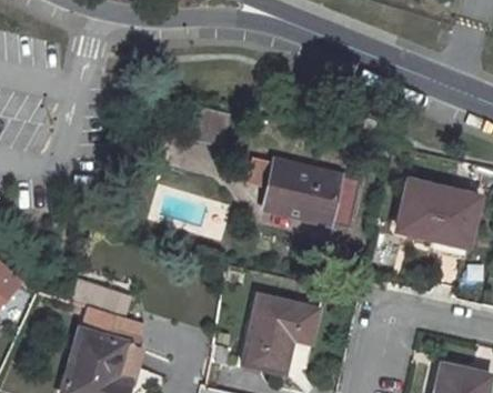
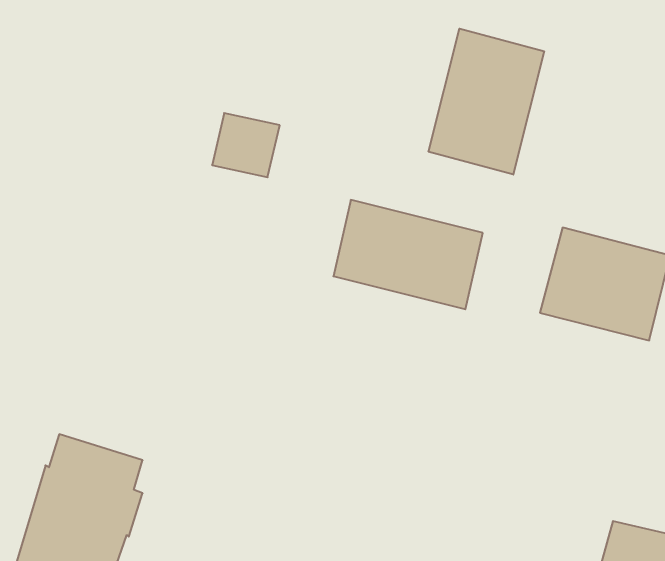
building: none -> [429,29,544,175]
building: [242,293,319,373] -> none

